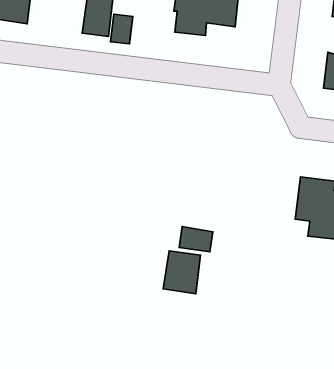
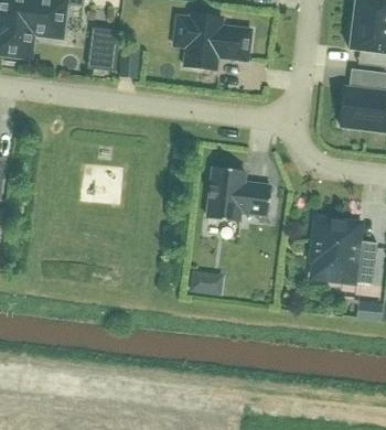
building: none -> [207,166,270,221]
building: [163,251,201,294] -> none

